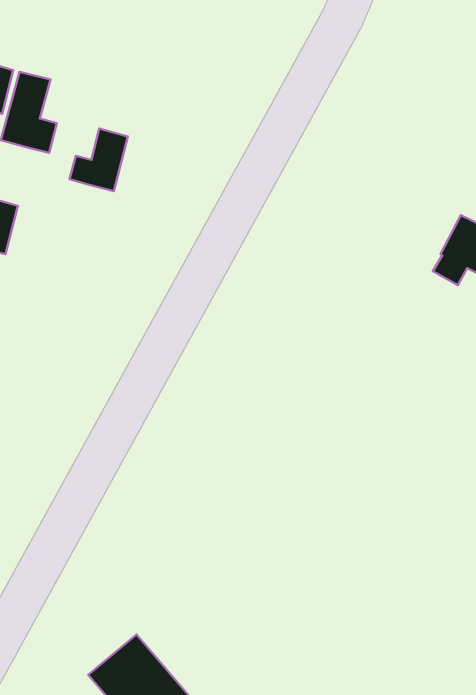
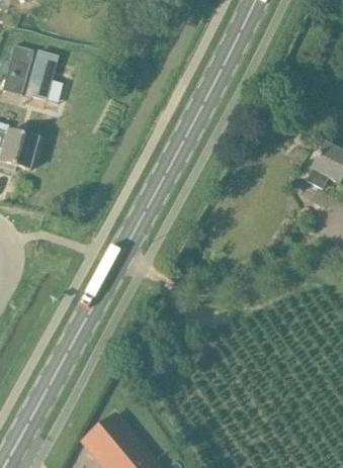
building: [70,129,128,191] -> none

